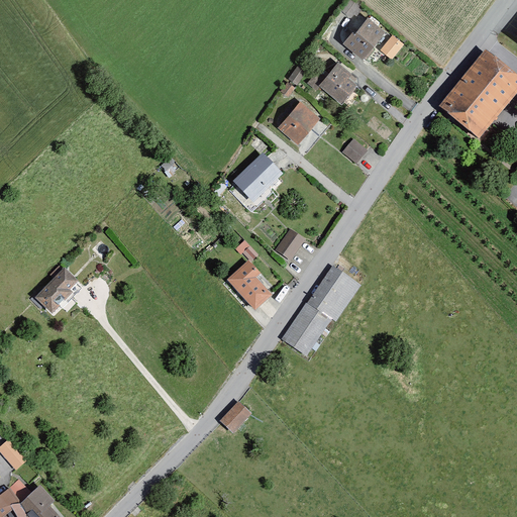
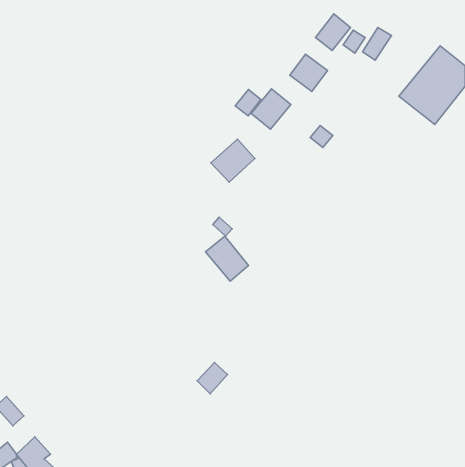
building: none -> [362,28,391,60]
building: none -> [235,90,261,116]
building: [275,230,304,261] -> none
building: [32,267,82,316] -> none
building: [281,270,354,354] -> none

